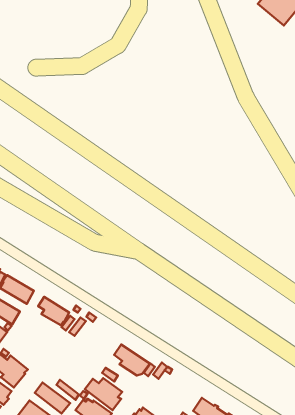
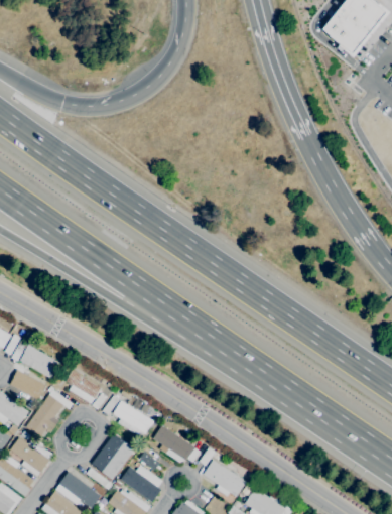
building: none -> [25,390,73,438]
building: none -> [113,401,153,437]
building: none -> [91,434,134,480]
building: none -> [203,460,245,497]

